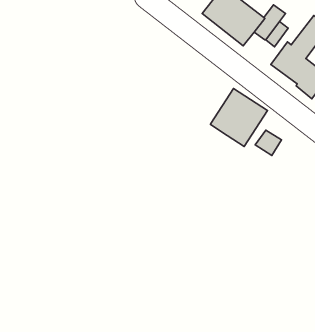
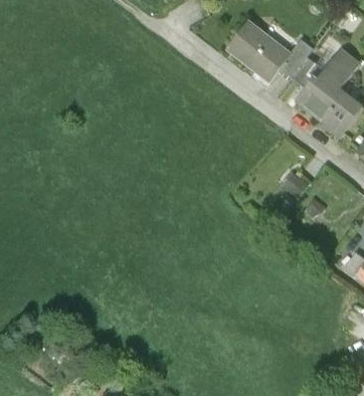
building: [210,89,268,146] -> none

